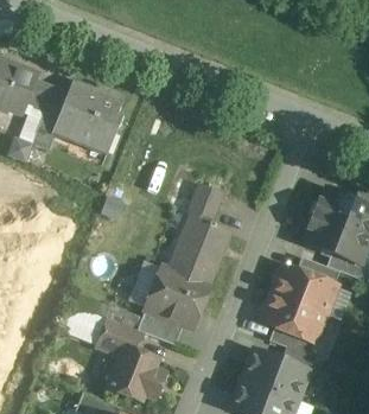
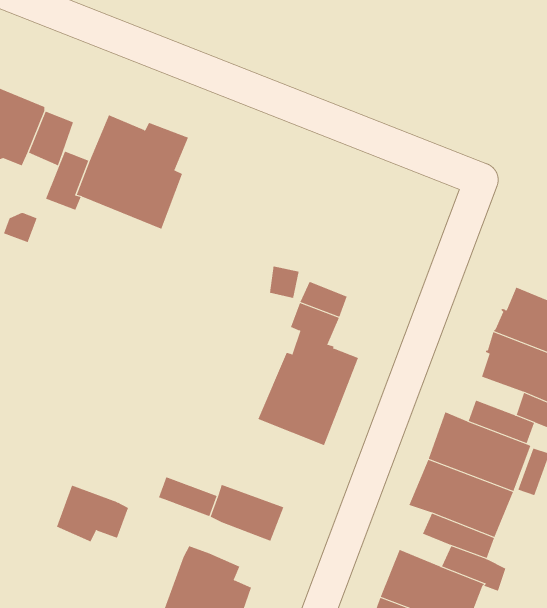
building: [144,268,208,327] -> none
building: [98,319,144,355] -> [56,485,129,542]

